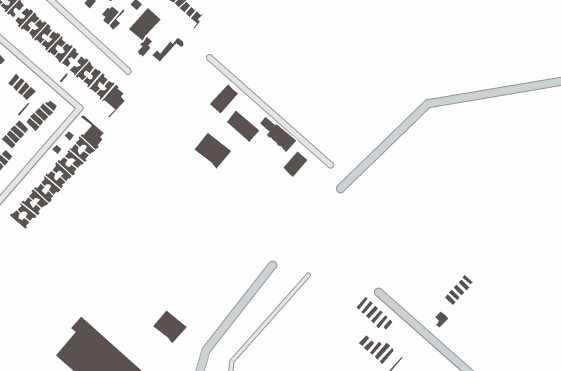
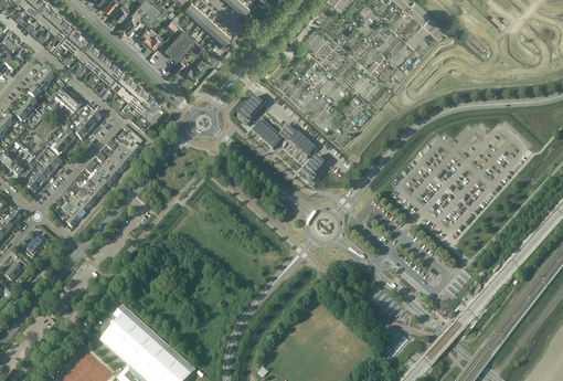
building: [193,132,232,169] -> none
building: [152,309,188,344] -> none

